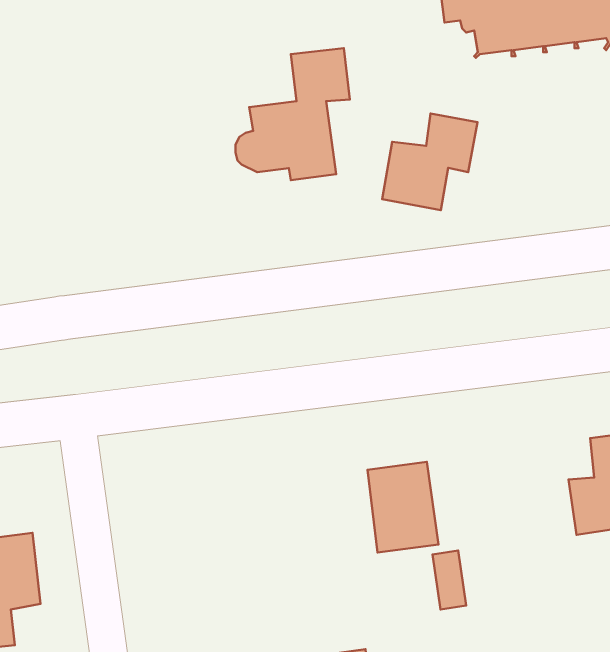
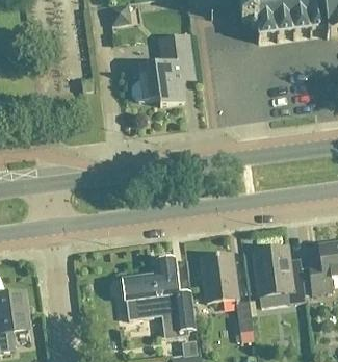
building: [382,114,478,210] -> none
building: none -> [253,244,306,302]
building: none -> [119,256,196,330]

